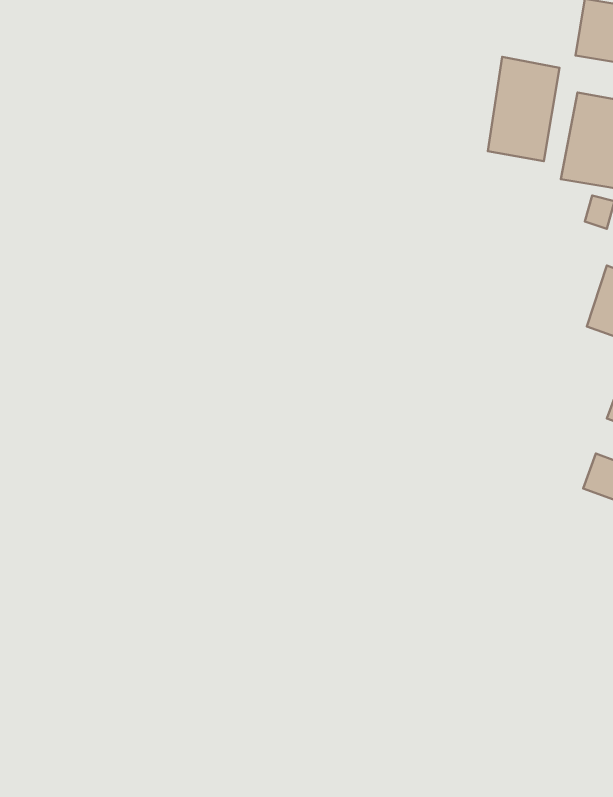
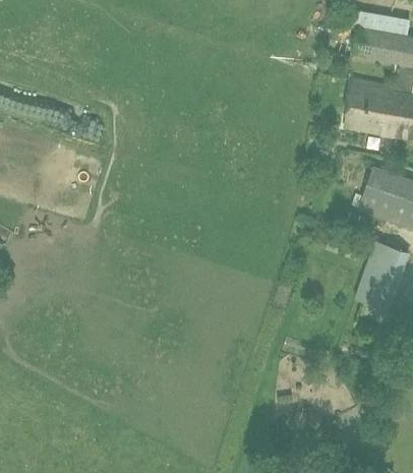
building: [488,57,560,161] -> none

